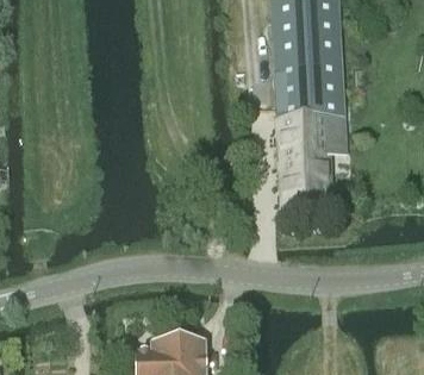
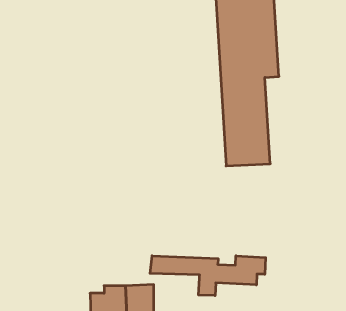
building: none -> [150,256,266,296]

